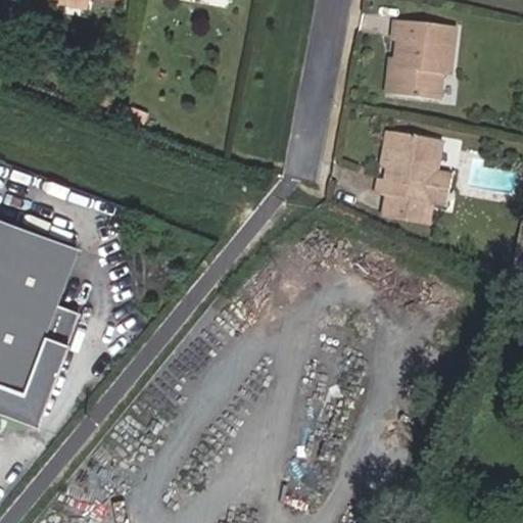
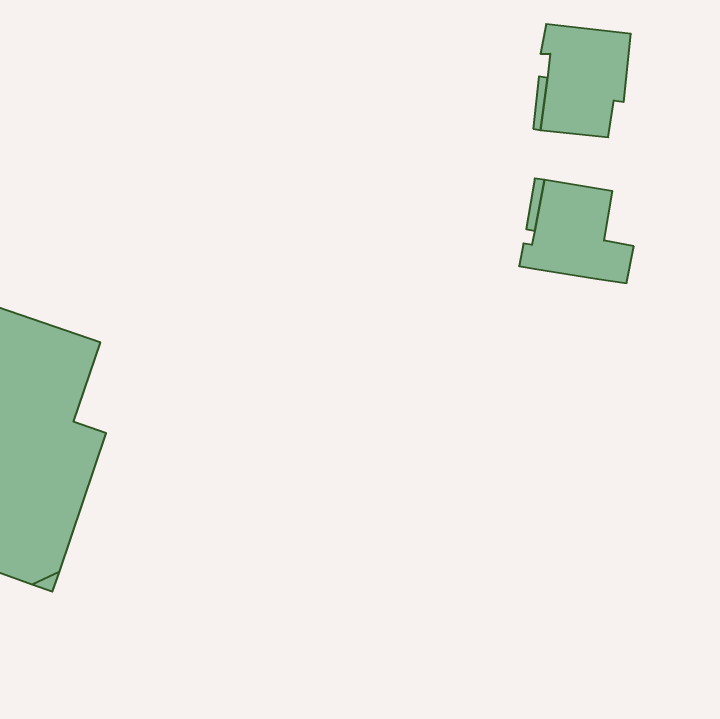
building: [382,194,453,226] -> none

